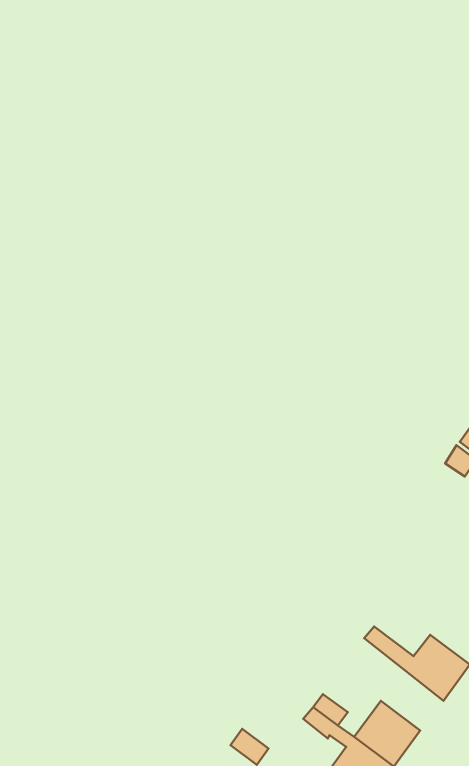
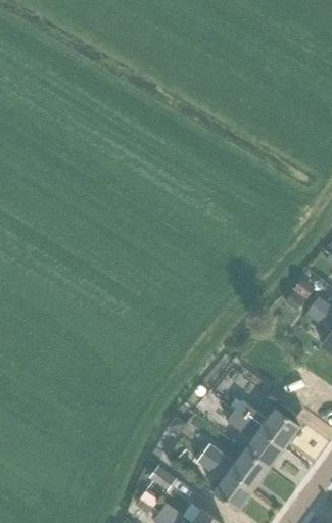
building: none -> [228,410,283,467]

